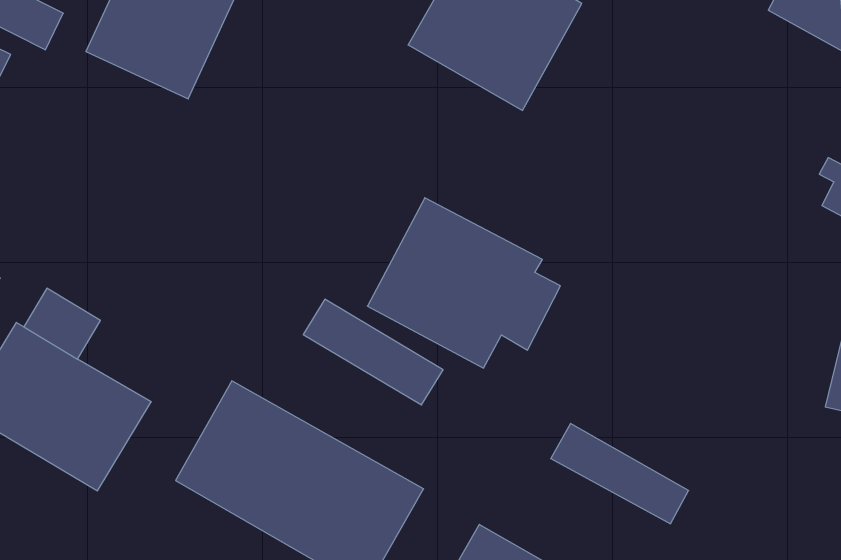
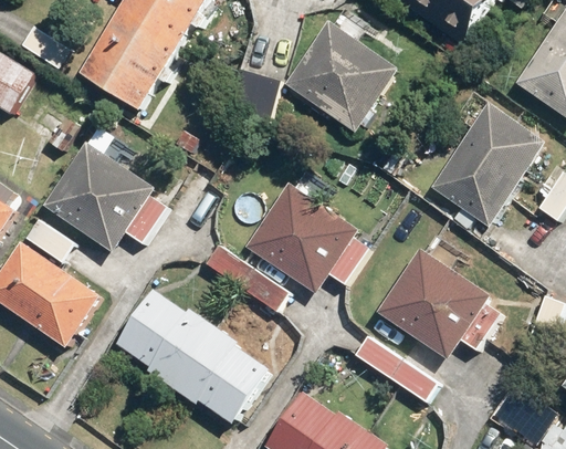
building: none -> [429,92,545,246]
building: none -> [43,127,167,253]
building: none -> [369,247,500,359]

